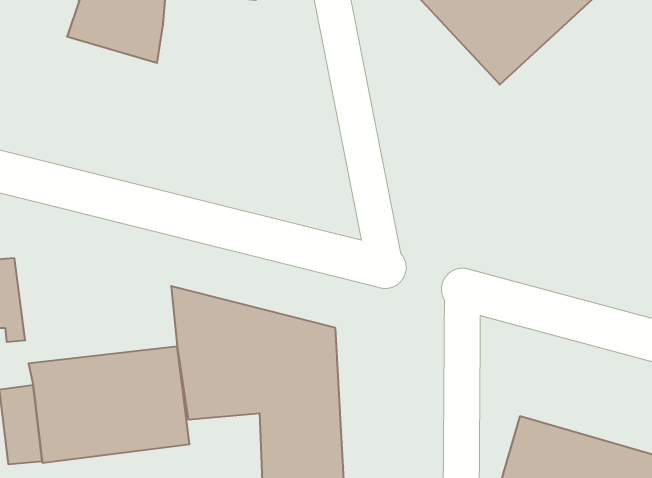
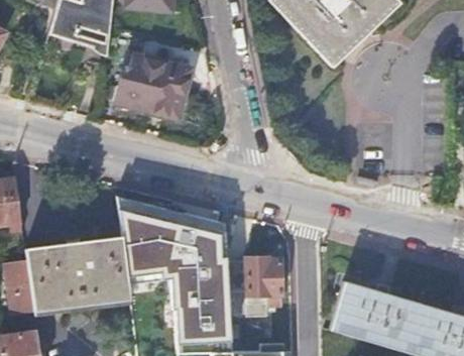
building: none -> [116,52,192,118]
building: none -> [226,258,281,317]

